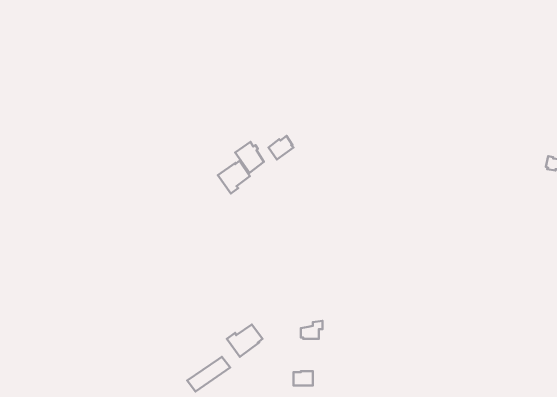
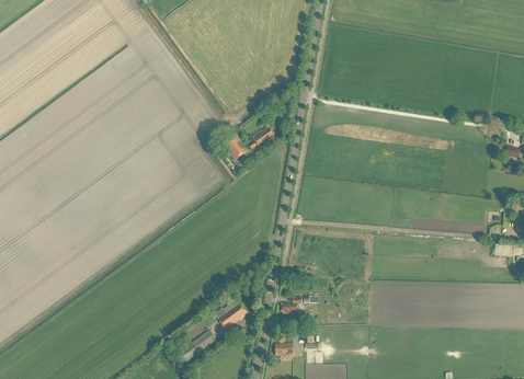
building: [218,161,250,194] -> none

